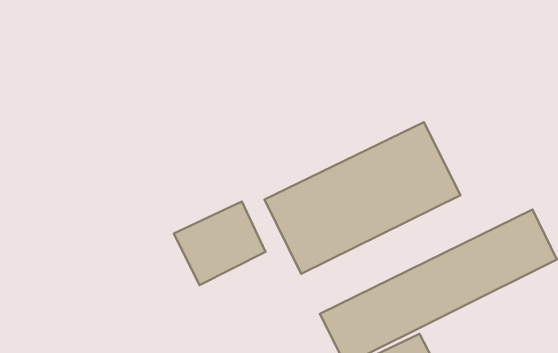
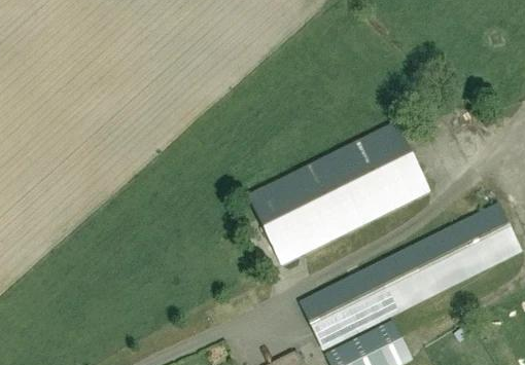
building: [174,202,266,285] -> none

